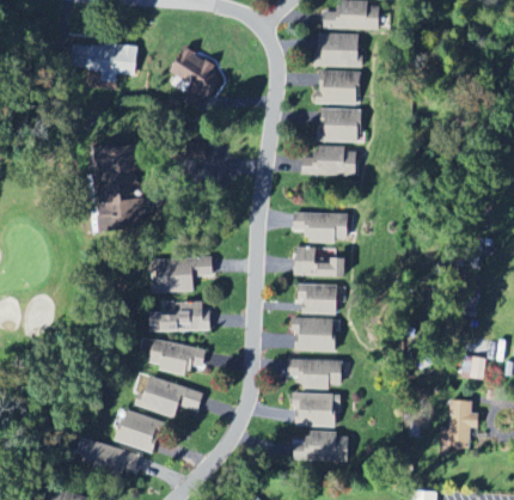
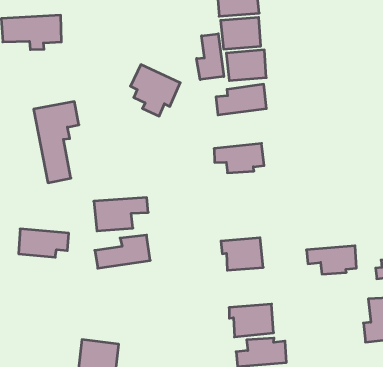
building: [170,48,226,108] -> [130,65,180,116]
building: none -> [197,34,224,80]
building: [294,248,347,276] -> none
building: [298,283,337,313] -> none
building: [147,339,206,374] -> [19,229,69,257]
building: [288,359,343,389] -> [306,246,356,274]
building: [136,374,203,417] -> none

